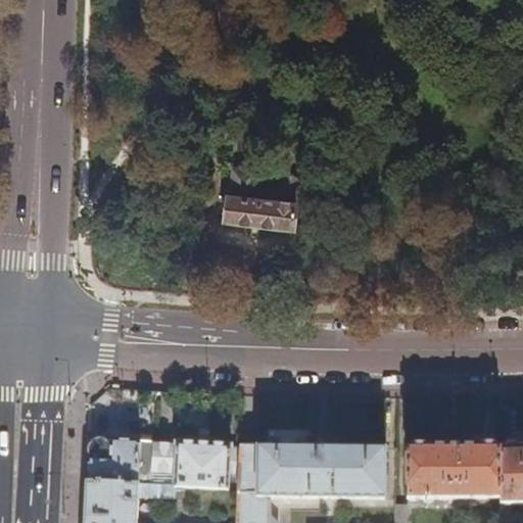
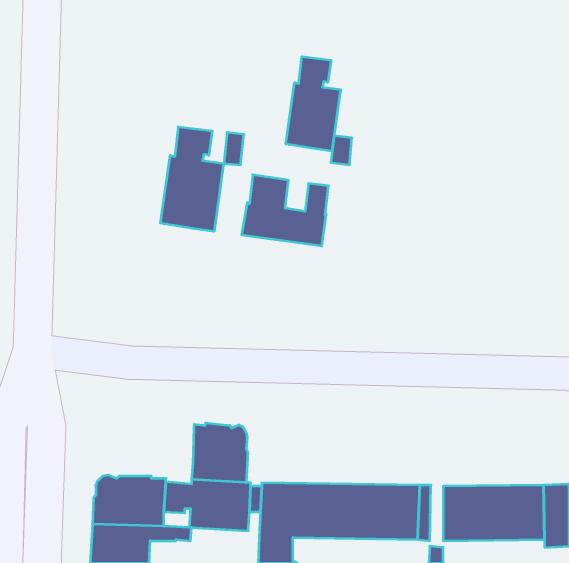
building: none -> [286,57,341,151]
building: none -> [160,127,224,231]
building: none -> [192,423,248,483]

